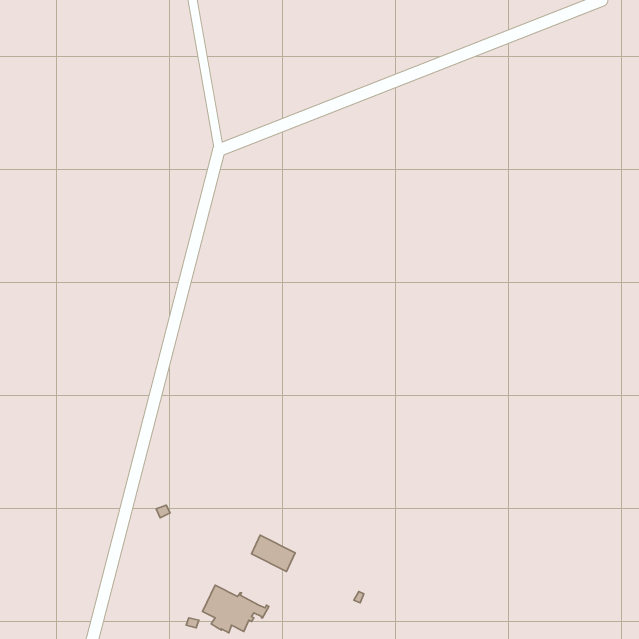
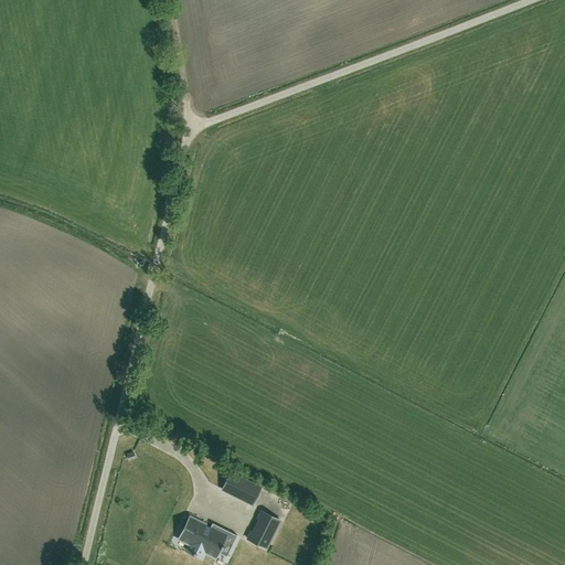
building: none -> [247,511,280,548]

